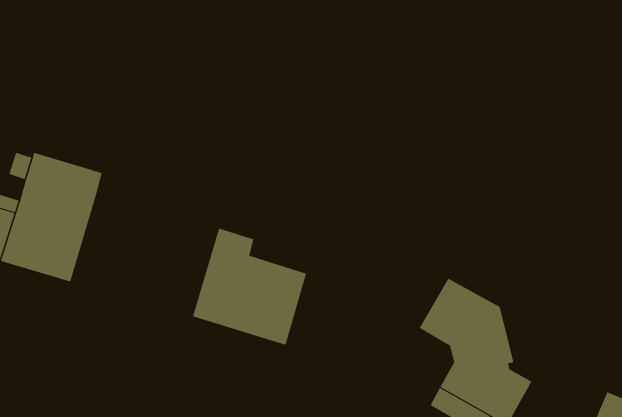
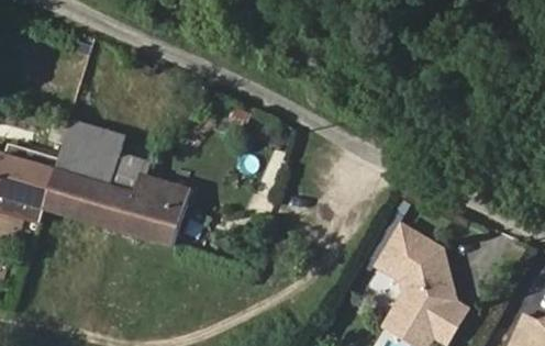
building: [192,228,307,346] -> [99,155,190,248]

